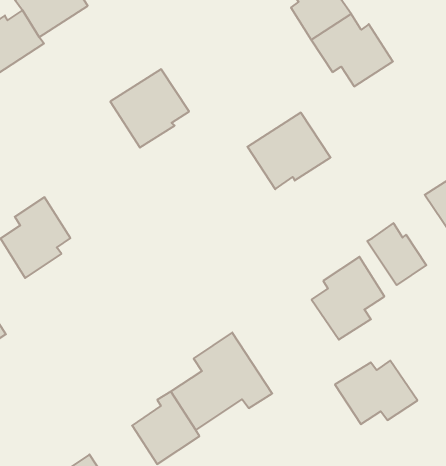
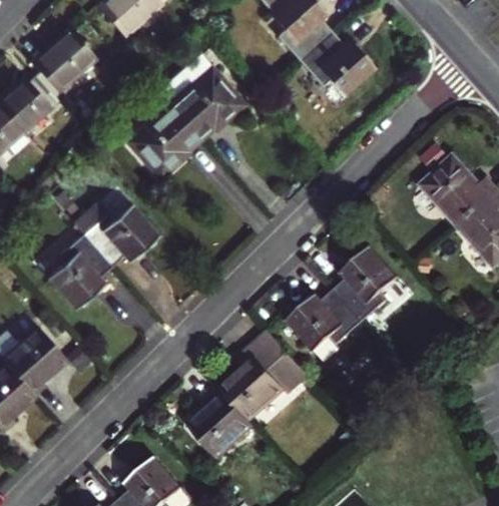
building: [247,113,331,189] -> [169,68,244,139]
building: none -> [82,203,158,267]
building: [367,223,426,285] -> none
building: [335,361,417,424] -> [286,291,361,351]

